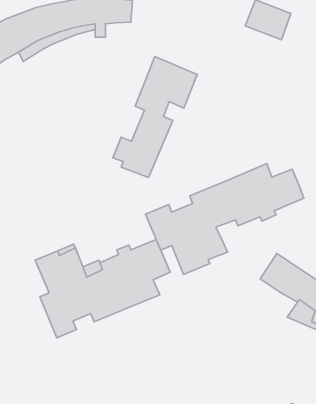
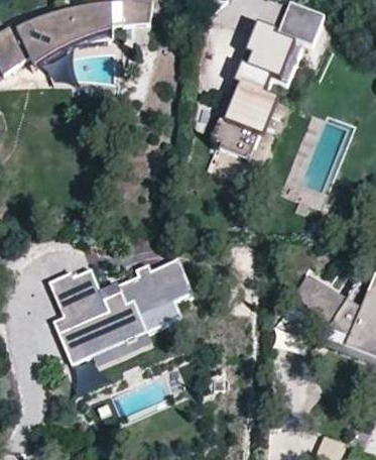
building: [113,57,197,178] -> [212,29,302,159]
building: [145,164,304,275] -> none
building: none -> [89,332,153,366]

